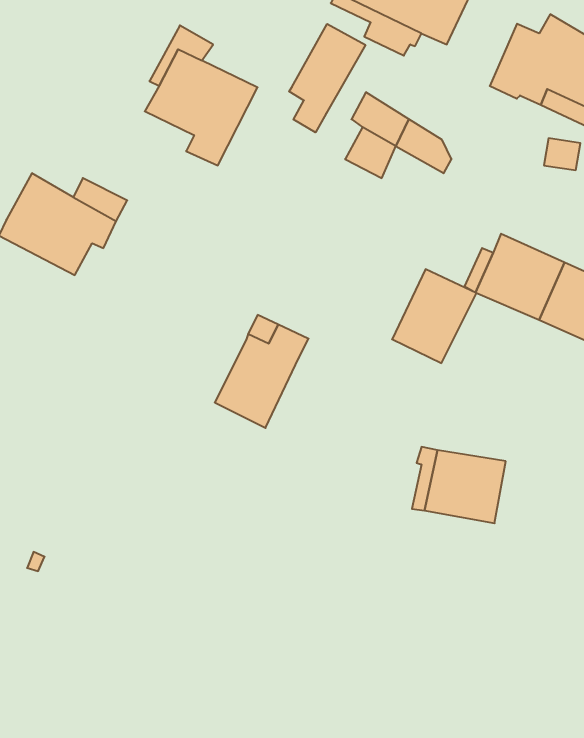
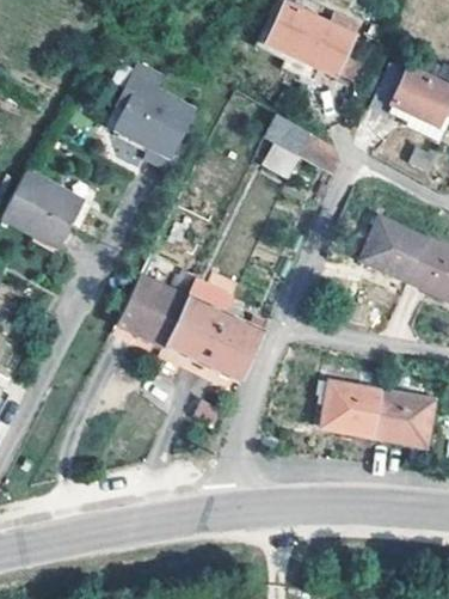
building: [289,24,365,132] -> none
building: [392,269,476,363] -> [202,311,265,381]
building: none -> [116,273,187,344]
building: none -> [374,389,435,446]

